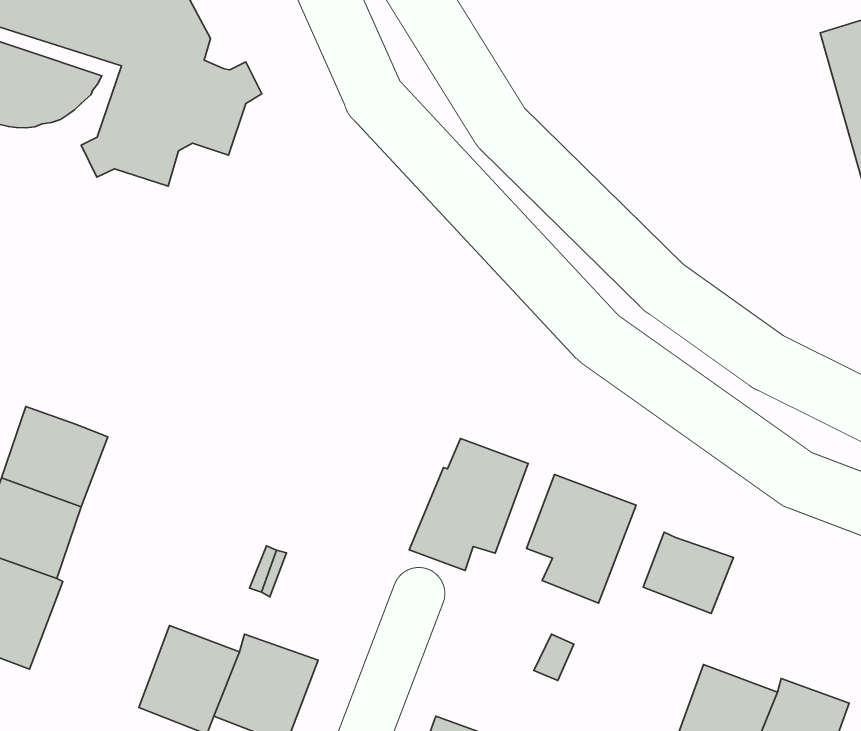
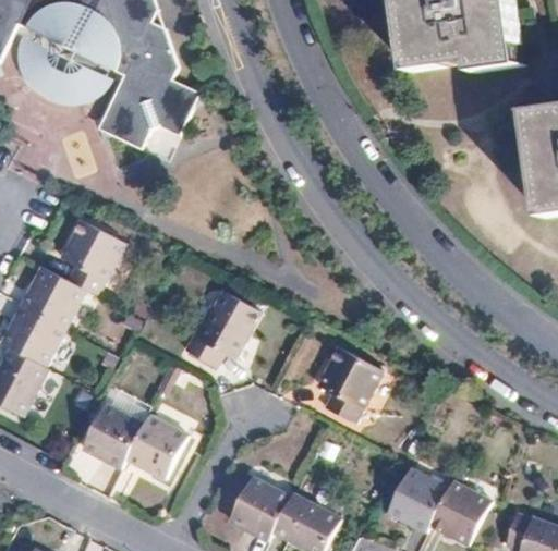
building: none -> [60,219,125,296]
building: [409,439,528,570] -> [185,291,260,367]
building: [643,532,733,614] -> none

